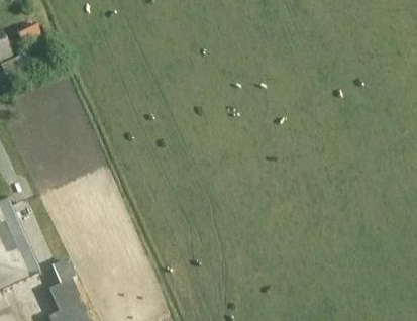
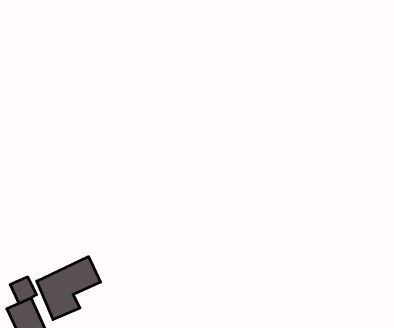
building: none -> [37,257,101,320]

